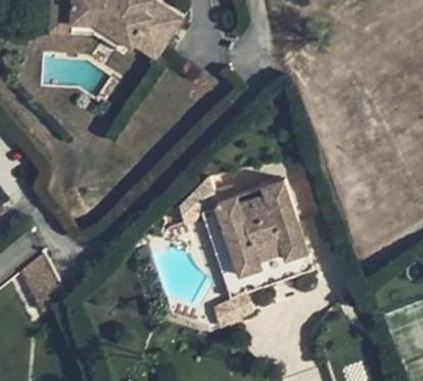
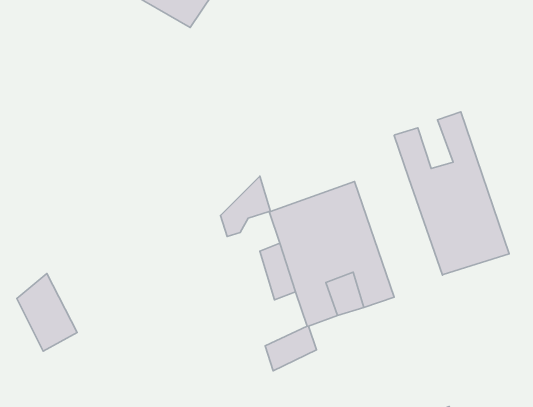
building: none -> [394,112,509,275]

